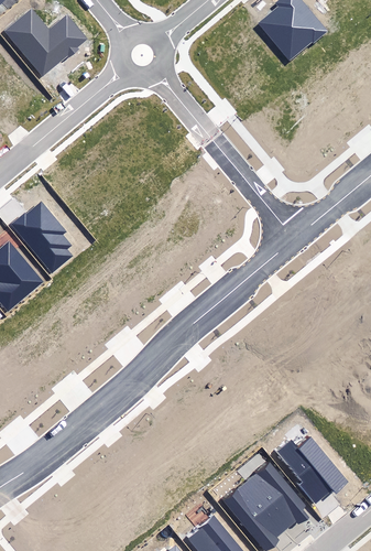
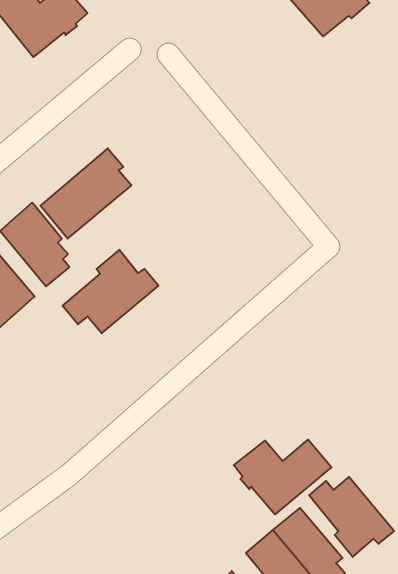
building: none -> [40,148,131,239]
building: none -> [63,250,158,333]
building: none -> [234,440,332,514]

